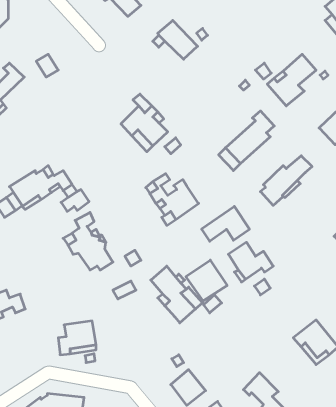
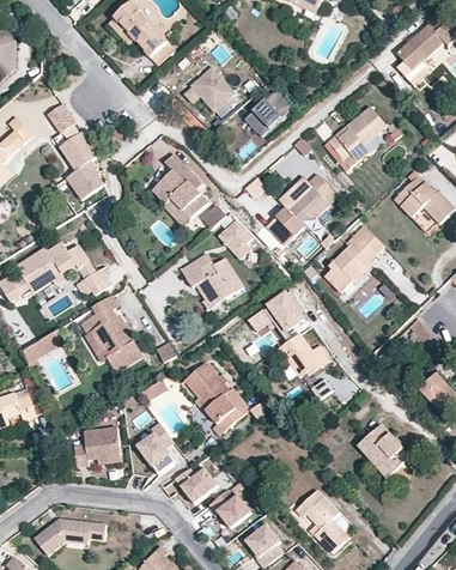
building: none -> [245,90,290,134]
building: none -> [59,132,104,199]
building: none -> [219,219,249,256]
building: none -> [19,329,59,366]
building: [186,260,227,301] -> none
building: none -> [135,422,171,473]
building: none -> [175,469,217,504]

